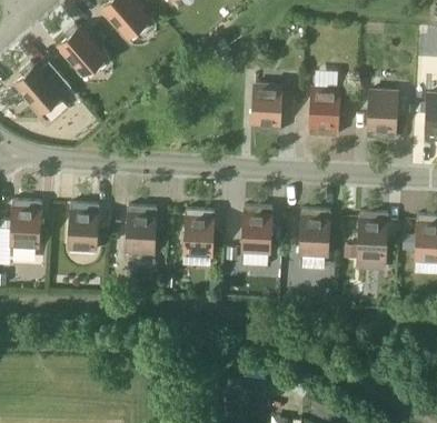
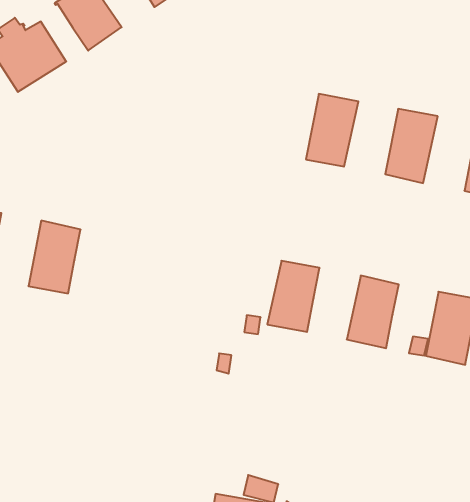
building: [126,207,157,255] -> none
building: [183,210,215,258] -> none

